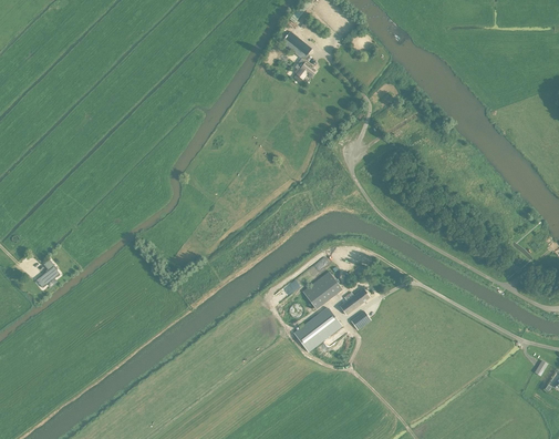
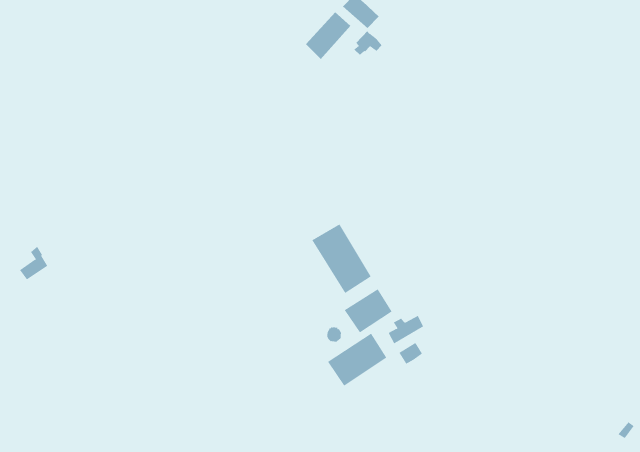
building: none -> [305,12,351,60]
building: none -> [311,224,372,294]

